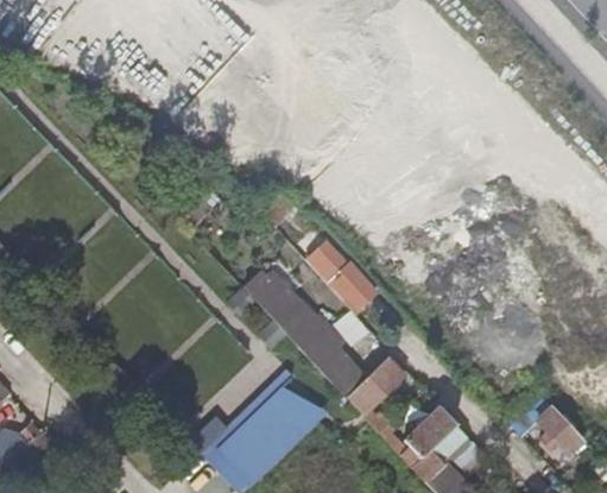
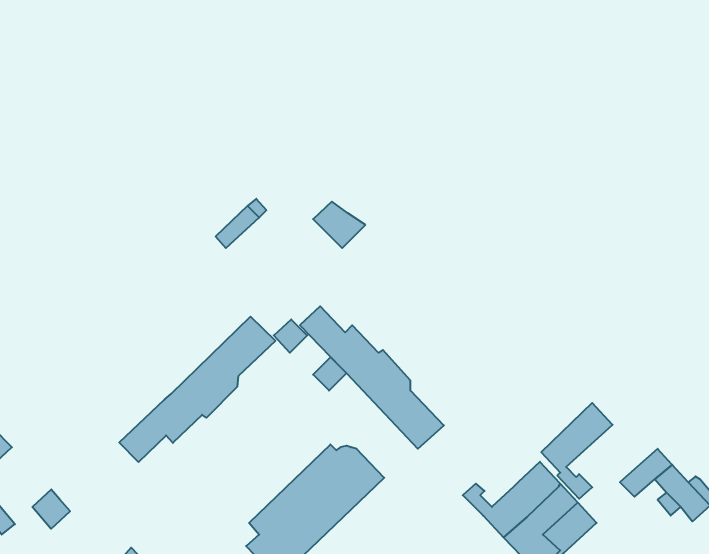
building: [312,249,375,312] -> none
building: none -> [119,317,275,462]
building: [350,355,409,434] -> [541,403,613,499]

